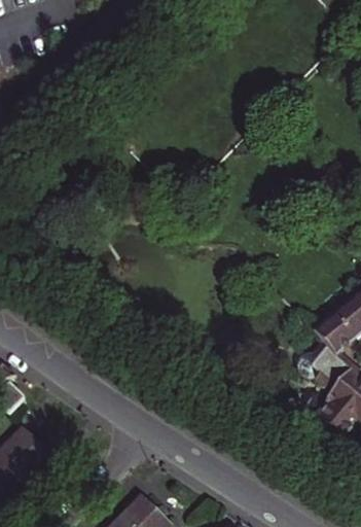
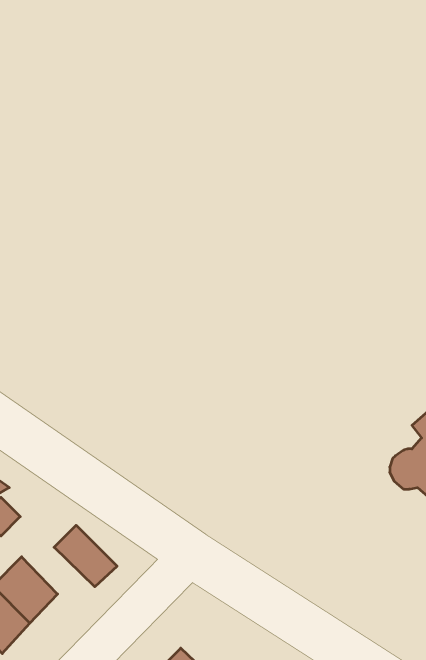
building: none -> [54,525,117,587]

